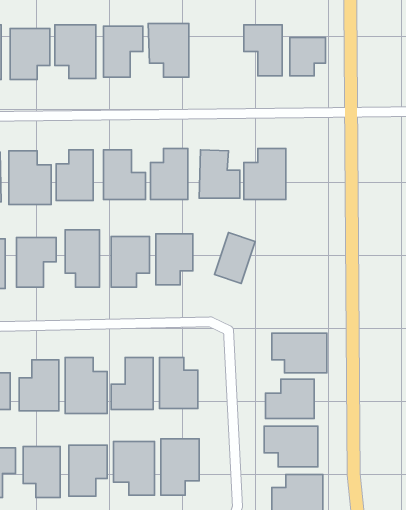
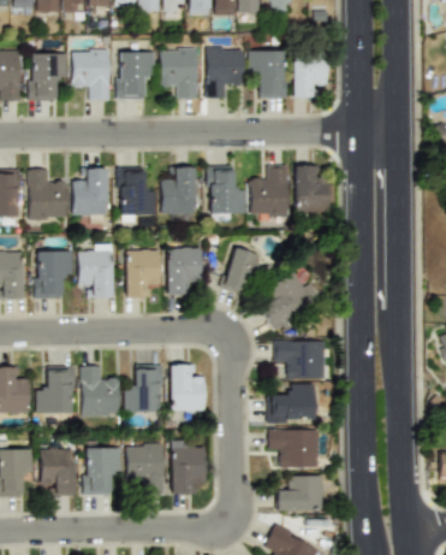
building: none -> [206,47,243,100]
building: none -> [295,166,328,212]
building: none -> [260,272,321,329]

